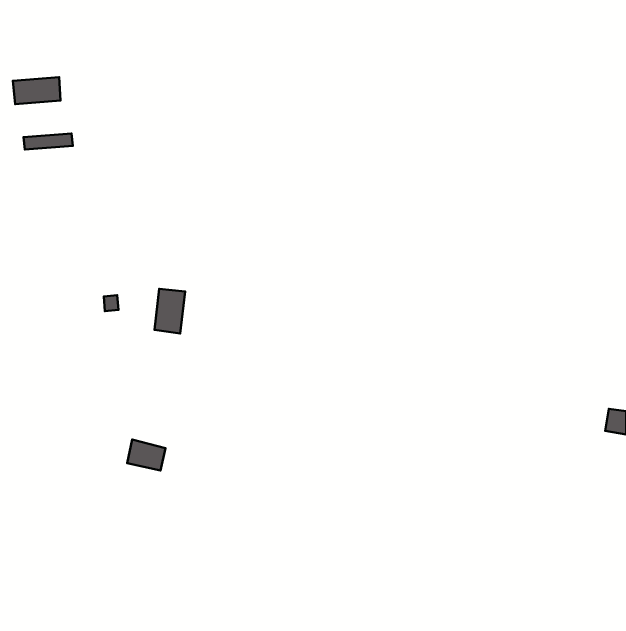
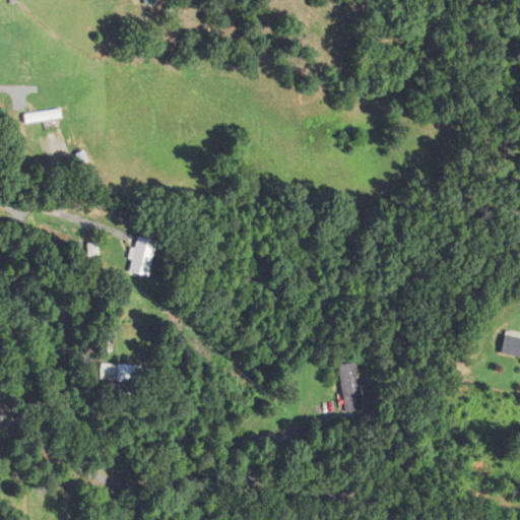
building: [13,77,60,104] -> none
building: none -> [338,362,368,413]

